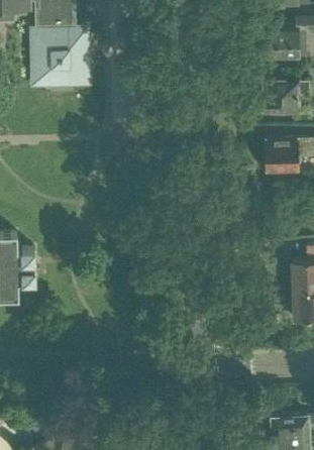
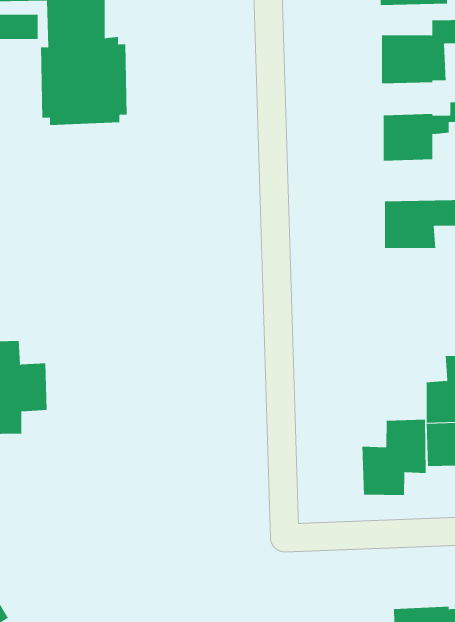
building: none -> [362,419,426,496]

